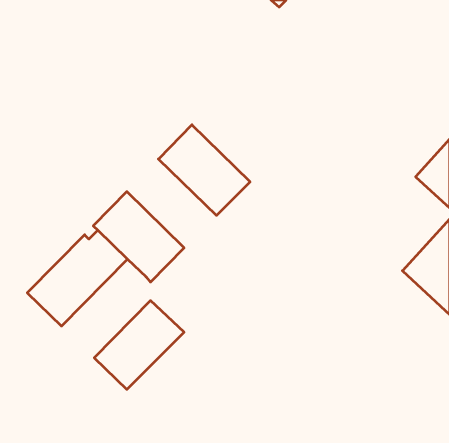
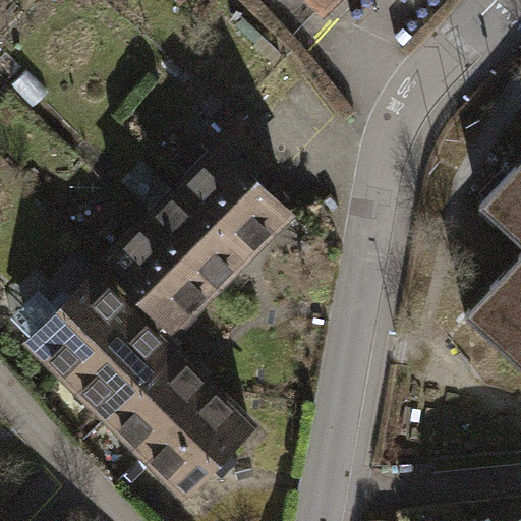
building: none -> [148,191,251,294]
building: none -> [72,307,175,421]
building: none -> [148,392,252,497]

